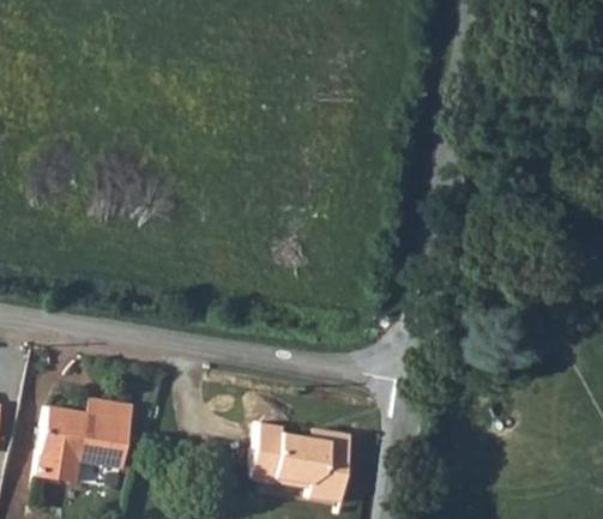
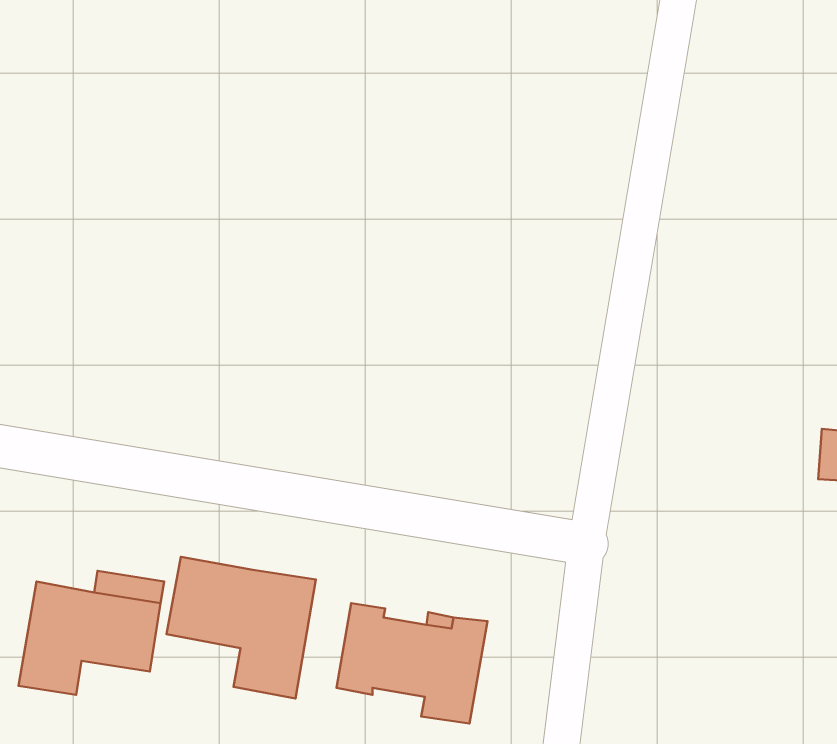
building: none -> [166,557,316,698]

